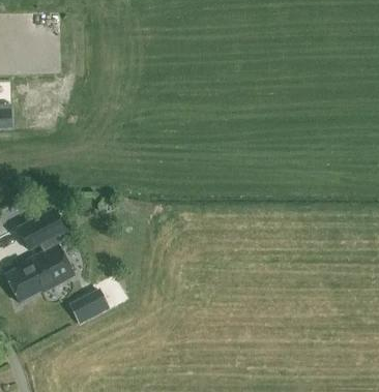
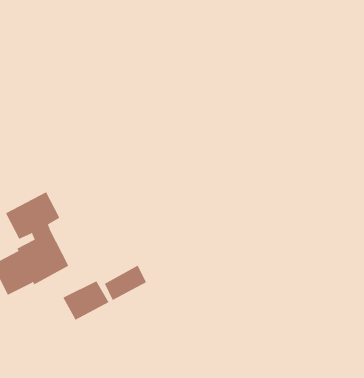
building: none -> [104,265,147,301]

